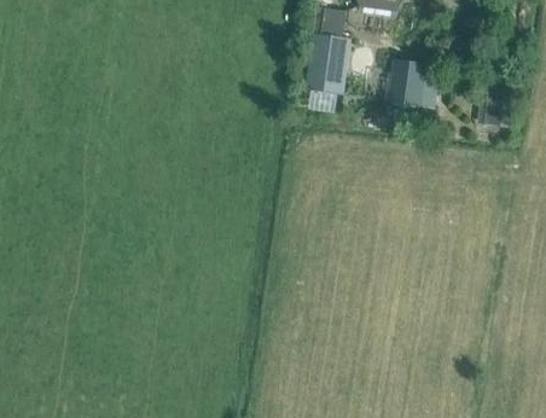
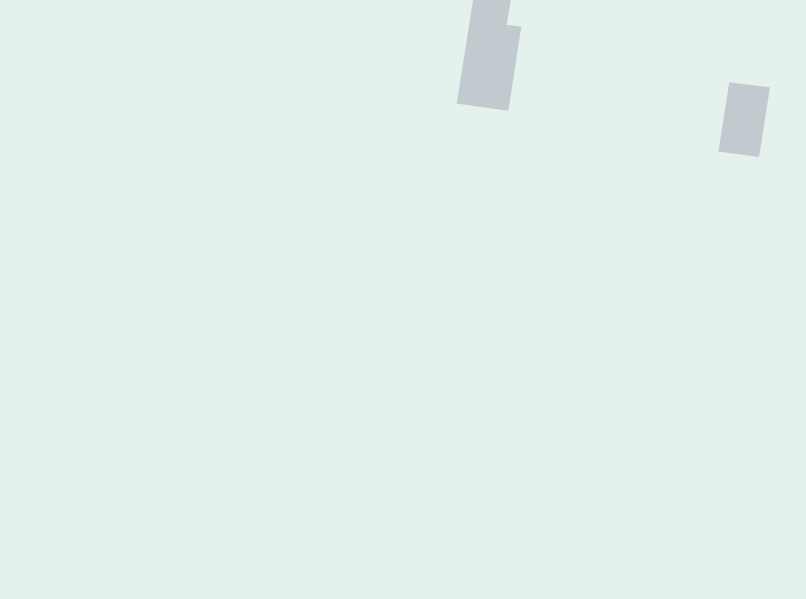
building: [387,60,437,109] -> none

